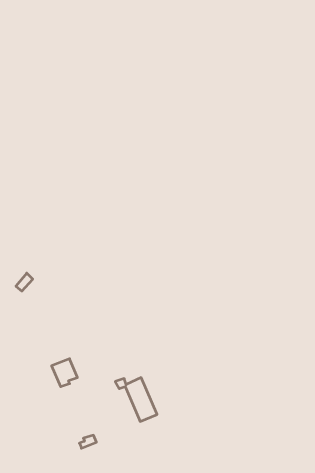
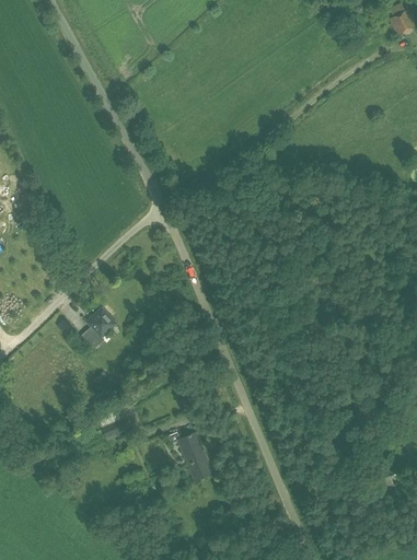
building: none -> [79,308,114,348]

